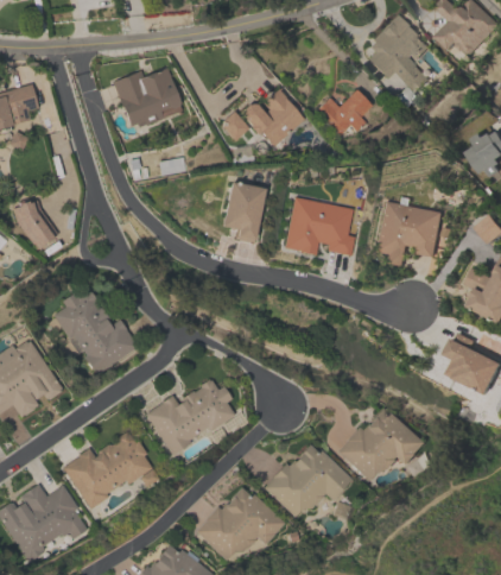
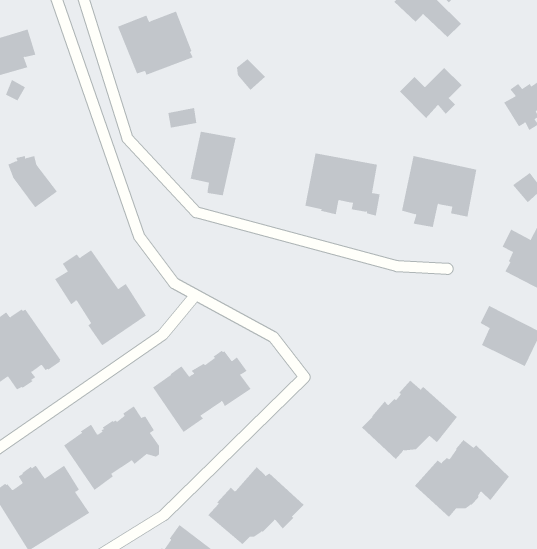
building: [242,89,305,146] -> none
building: [315,89,373,137] -> [399,67,462,119]
building: [222,183,265,242] -> [190,131,236,196]
building: [264,444,351,517] -> [414,439,510,518]

